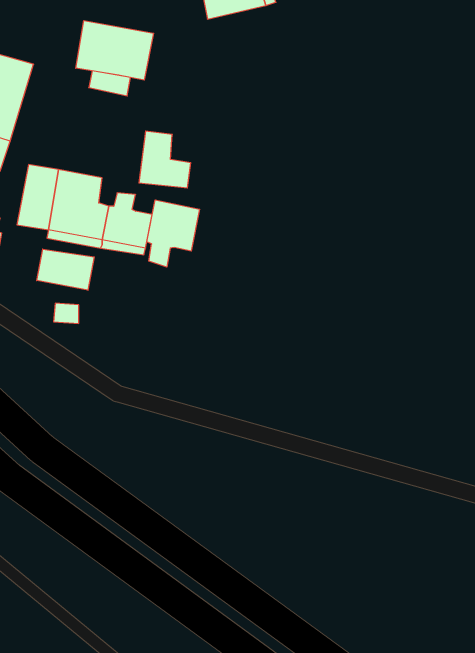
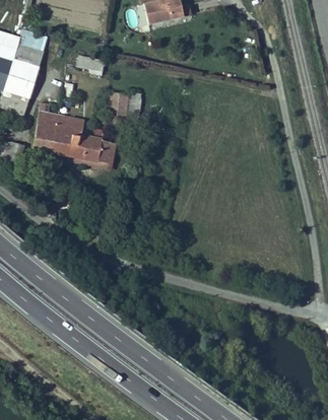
building: [76,21,154,80] -> none
building: [147,200,200,267] -> none
building: [37,249,94,290] -> none

